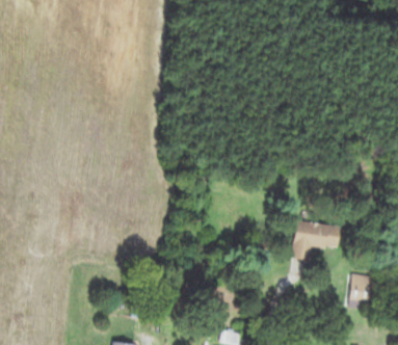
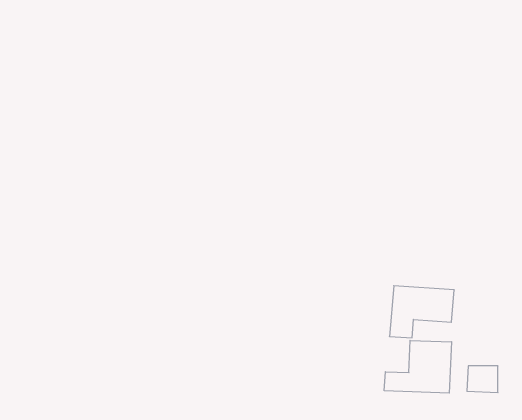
building: none -> [384,340,452,393]

